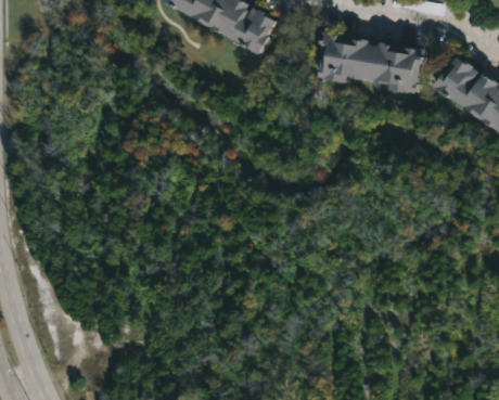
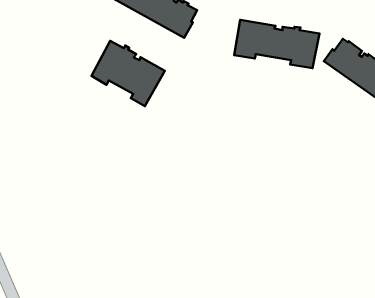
building: none -> [92,41,165,106]

